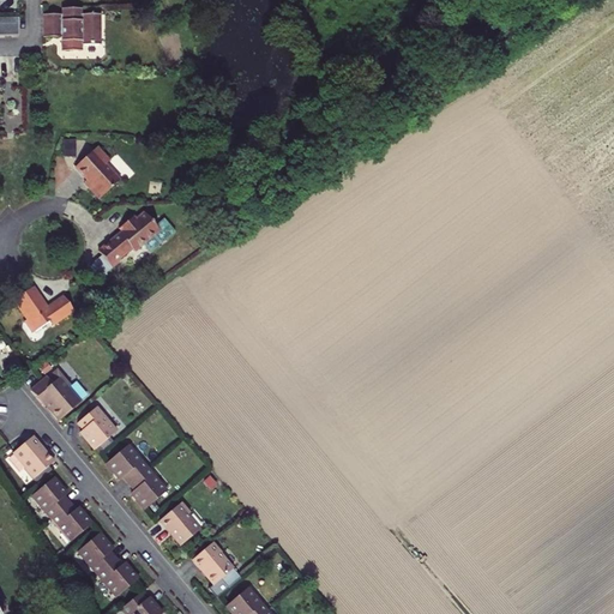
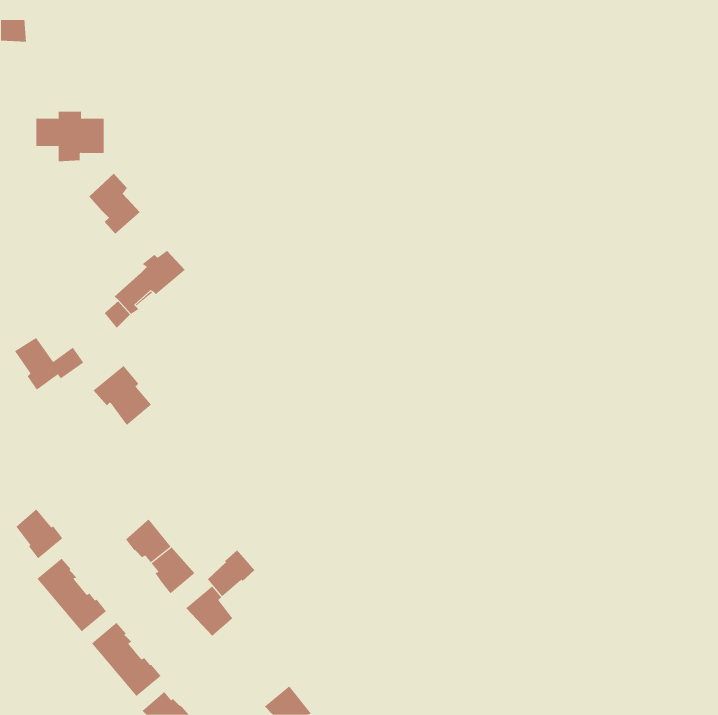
building: [44,11,103,54] -> [35,111,104,162]
building: [30,367,80,419] -> [93,365,152,426]
building: [78,404,116,446] -> none
building: none -> [207,549,255,597]
building: [192,540,231,583] -> none

